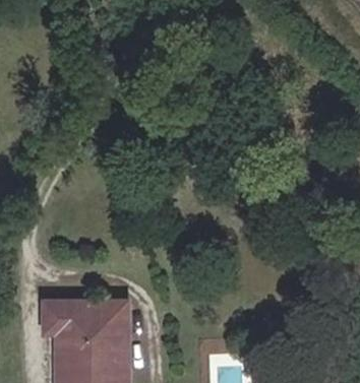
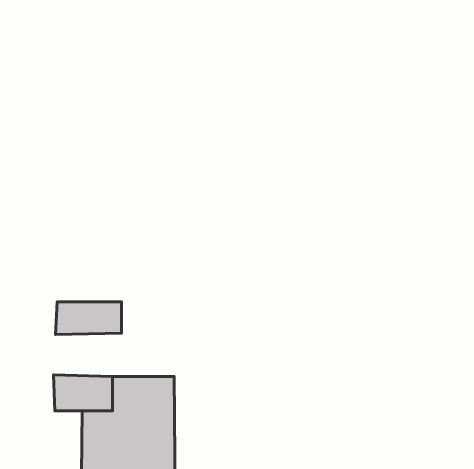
building: none -> [55,302,121,335]

